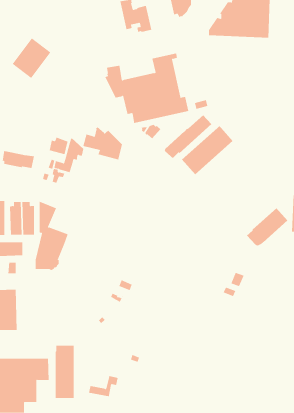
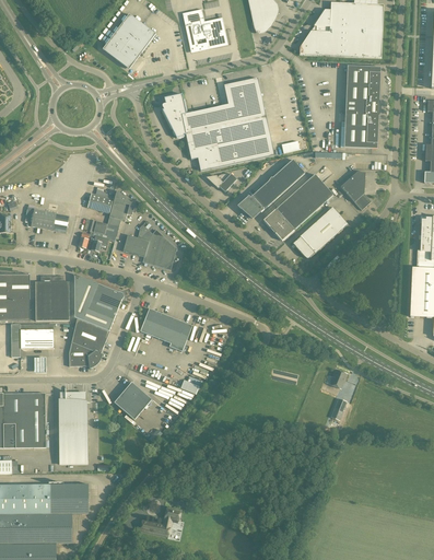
building: [12,38,51,79] -> [103,13,155,68]
building: none -> [343,65,380,152]
building: none -> [340,171,372,209]
building: [83,126,123,160] -> [122,223,176,268]
building: [246,207,288,246] -> [292,206,348,257]
building: none -> [87,283,124,318]
building: none -> [140,307,192,350]
building: none -> [114,381,152,419]
building: [55,345,75,398] -> [60,392,86,463]

